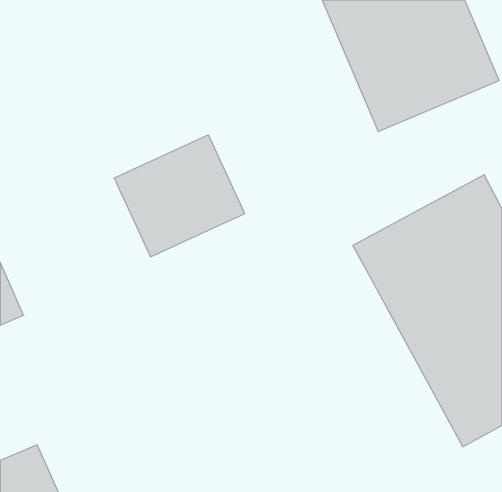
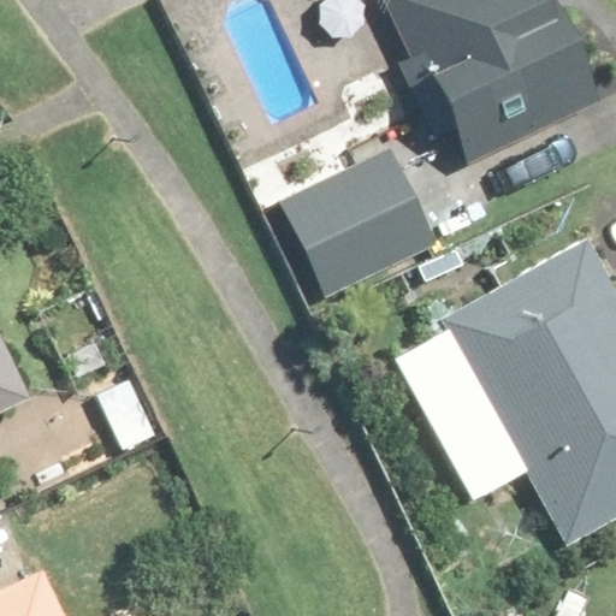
building: [114,135,245,257] -> [276,147,436,296]

